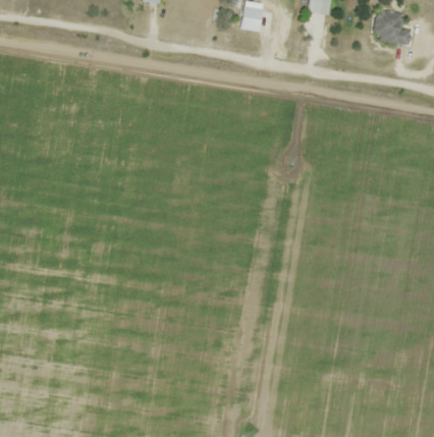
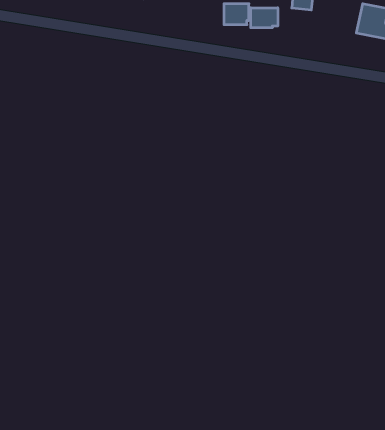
building: none -> [251,8,278,28]

